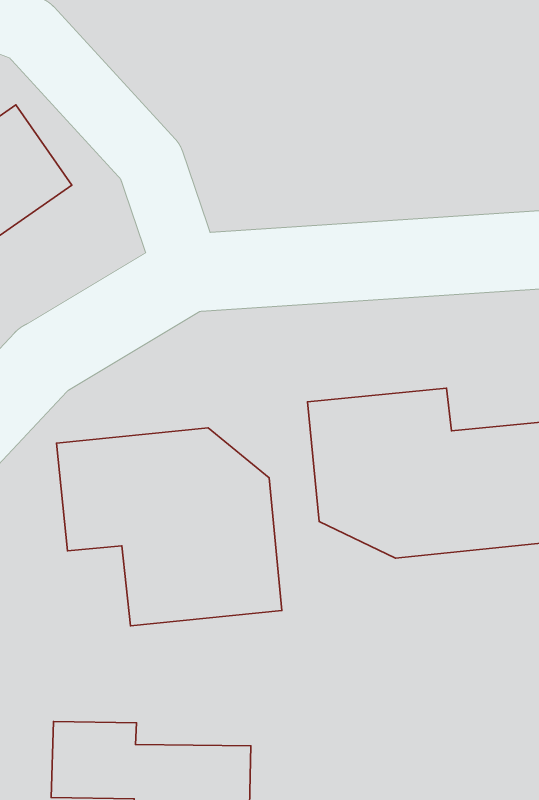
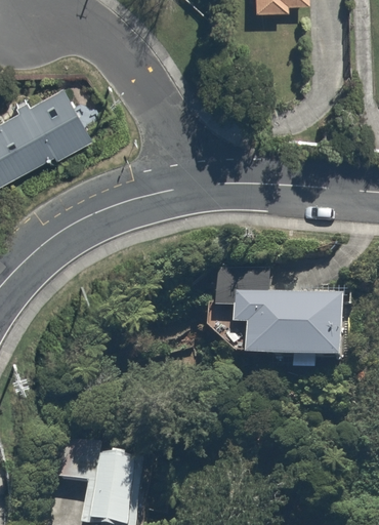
building: [57,428,282,626] -> none

